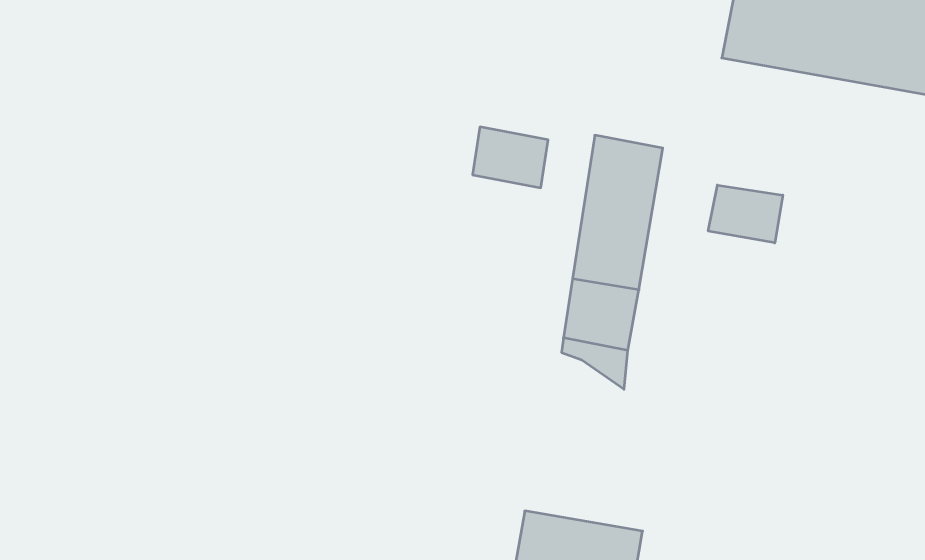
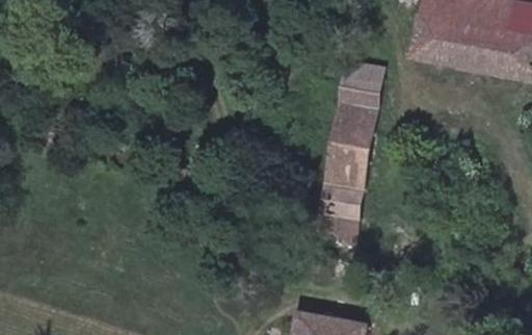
building: [473,127,548,188] -> [338,65,380,99]
building: [708,185,783,243] -> none

